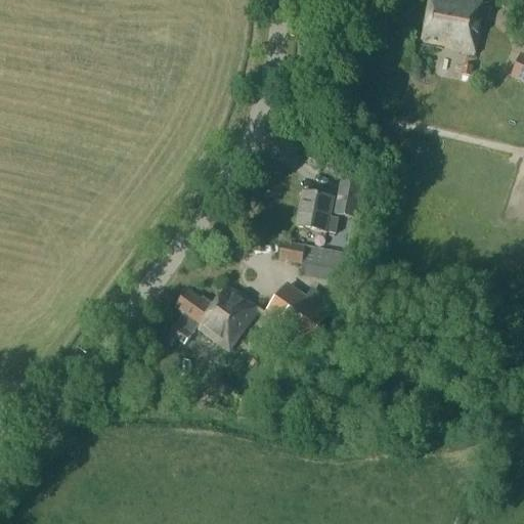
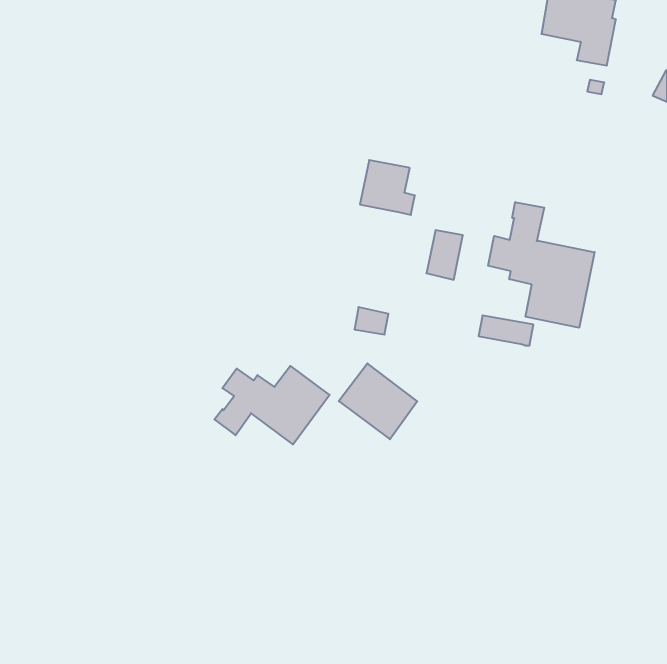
building: none -> [488,202,595,328]
building: [295,191,338,234] -> [360,160,415,215]
building: [301,246,344,269] -> [479,315,533,345]

